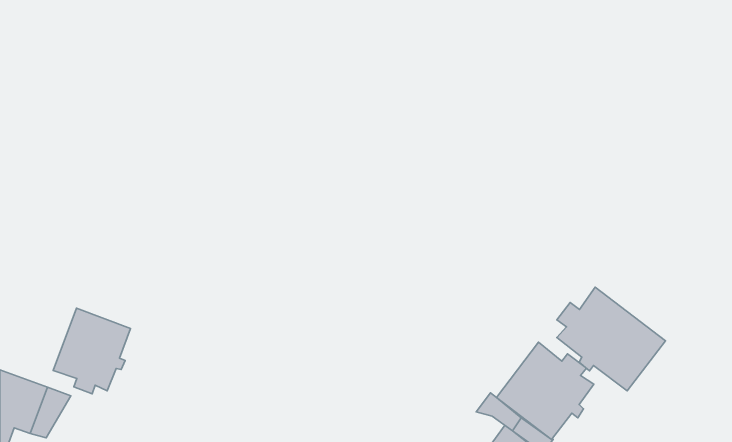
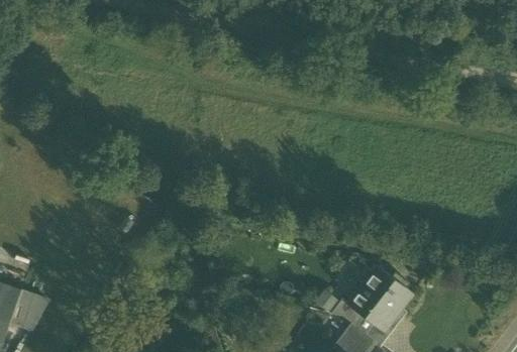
building: [557,287,665,391] -> none
building: [53,308,131,394] -> none

